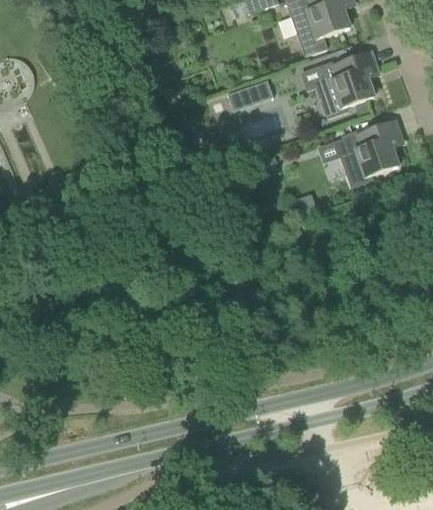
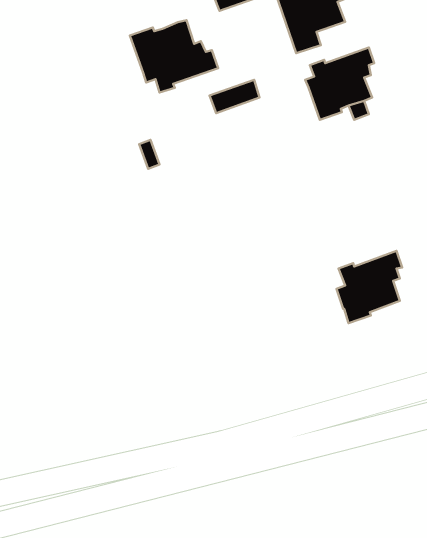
building: none -> [130,20,218,93]
building: [340,119,400,185] -> [336,251,402,323]

